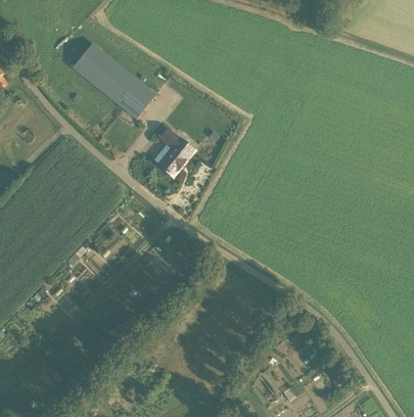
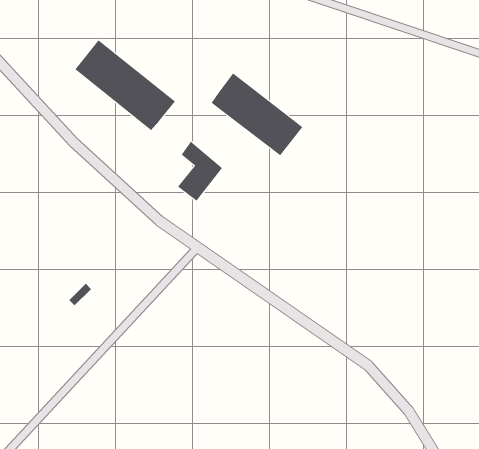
building: none -> [211,73,303,156]

